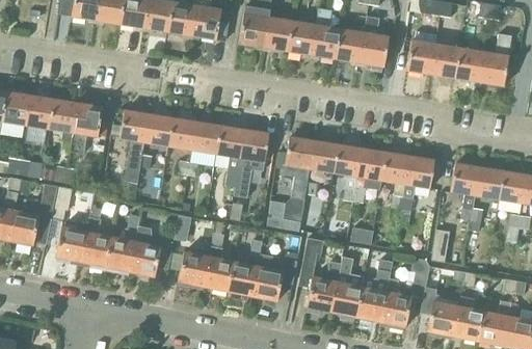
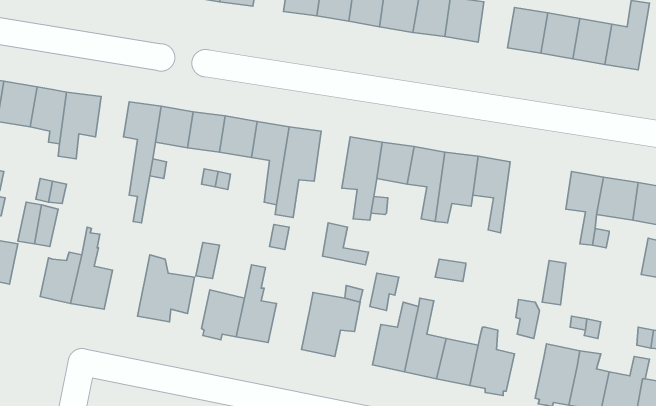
building: [401,155,433,209] -> none
building: [105,215,140,270] -> none
building: [228,239,264,295] -> none

